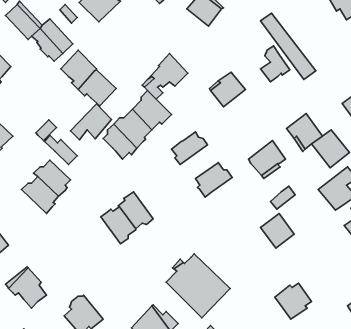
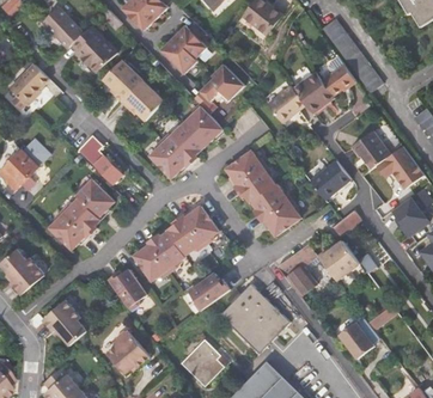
building: none -> [159,20,207,73]
building: none -> [293,72,335,114]
building: [71,104,111,140] -> none
building: none -> [234,164,275,202]
building: none -> [262,200,300,235]
building: none -> [183,206,219,245]
building: none -> [49,213,87,250]
building: none -> [276,241,318,295]
building: none -> [133,243,169,281]
building: none -> [109,269,147,310]
building: none -> [189,273,231,312]

